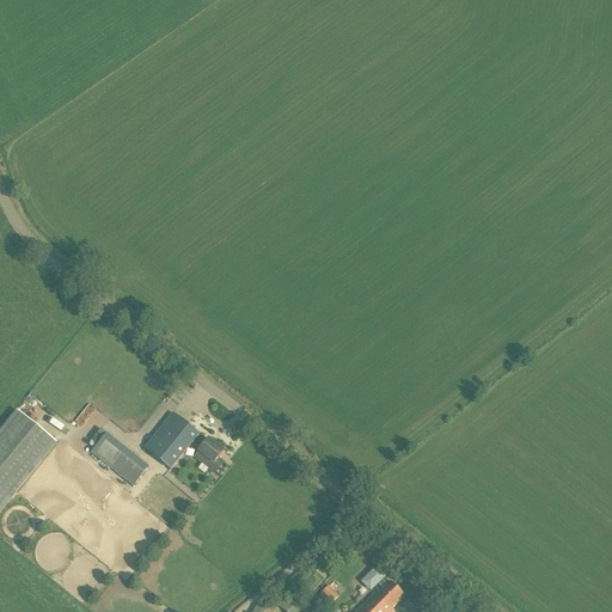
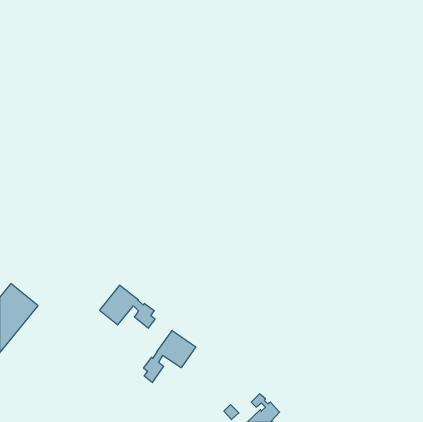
building: [90,427,148,485] -> none
building: none -> [144,330,196,383]

